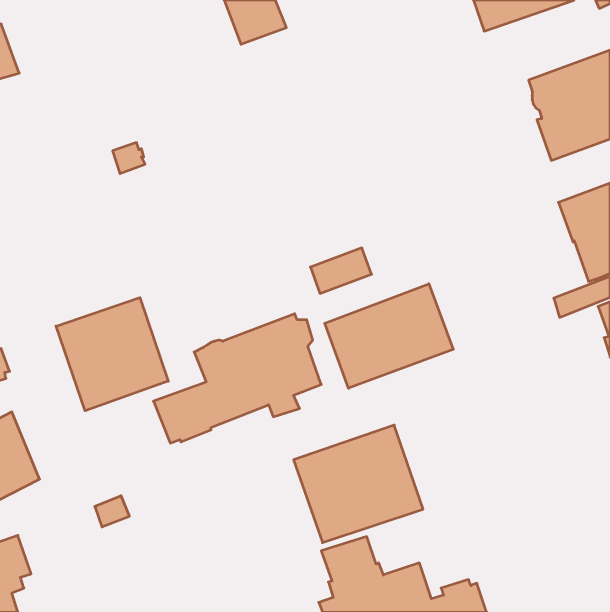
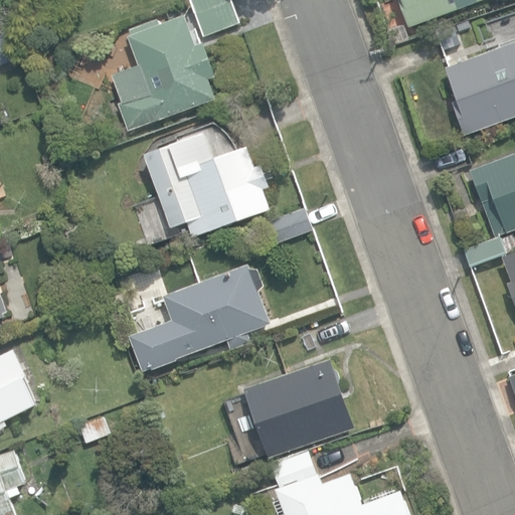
building: none -> [111,16,215,131]
building: none -> [143,133,271,237]
building: [325,284,453,388] -> none
building: [56,298,168,411] -> none

